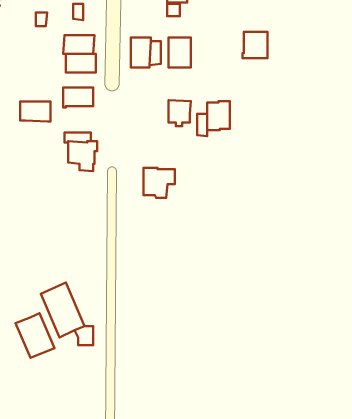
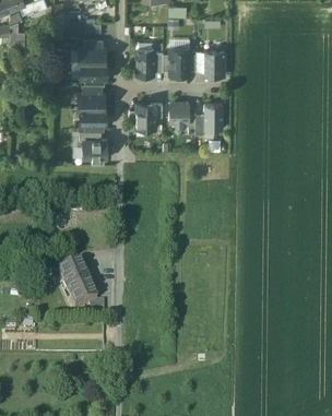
building: [242,32,268,58] -> [202,51,224,74]
building: [20,102,50,122] -> [80,108,106,126]
building: [144,168,175,198] -> [135,103,163,129]
building: [15,313,54,358] -> none

